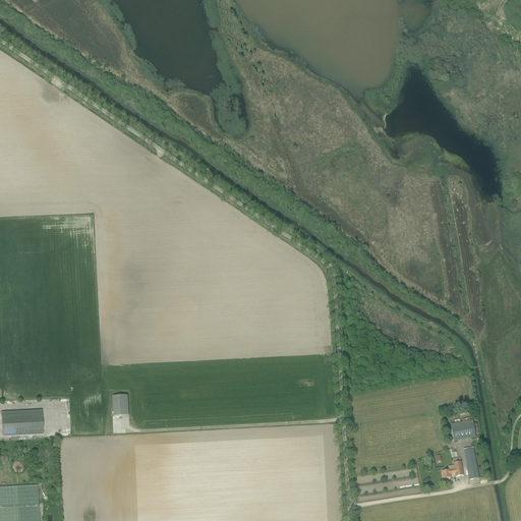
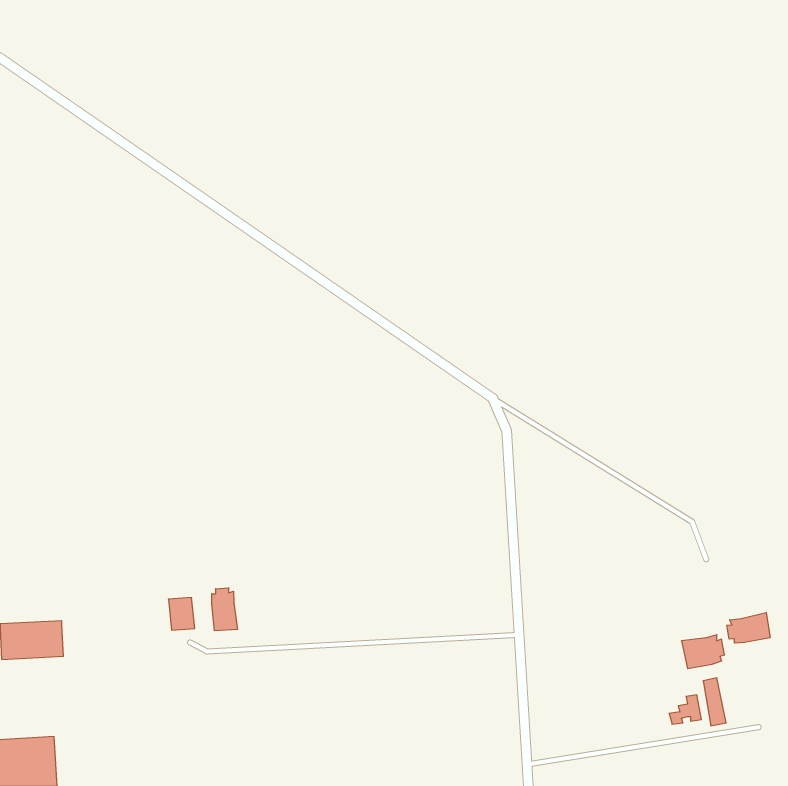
building: none -> [212,588,238,631]
building: none -> [727,612,770,643]

